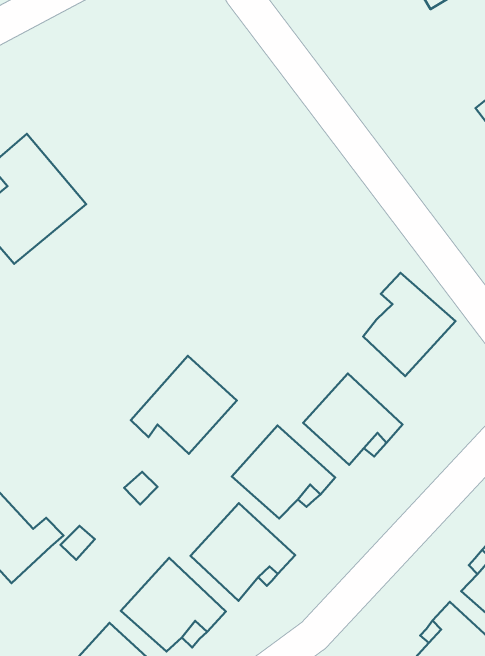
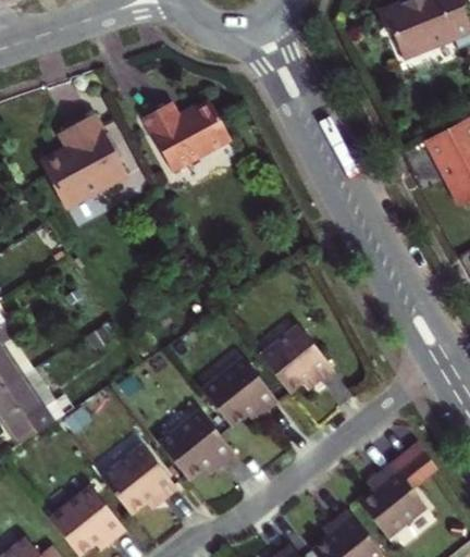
building: none -> [134,88,226,168]
building: [363,273,455,376] -> none
building: [131,356,237,454] -> none

